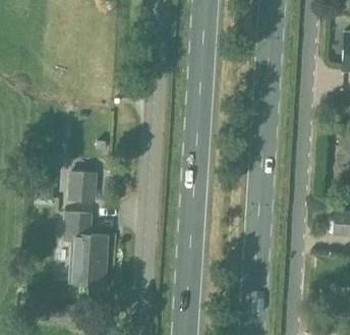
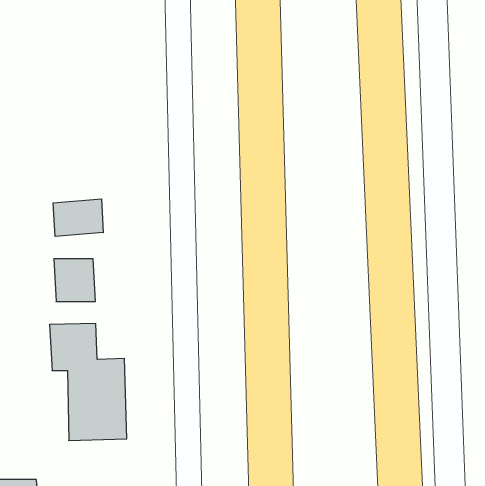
building: none -> [53,199,103,236]

